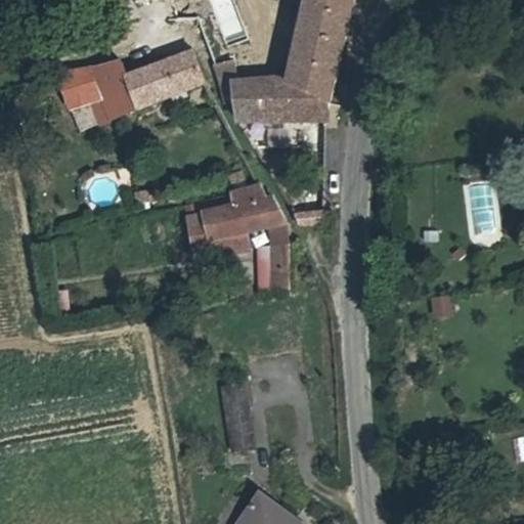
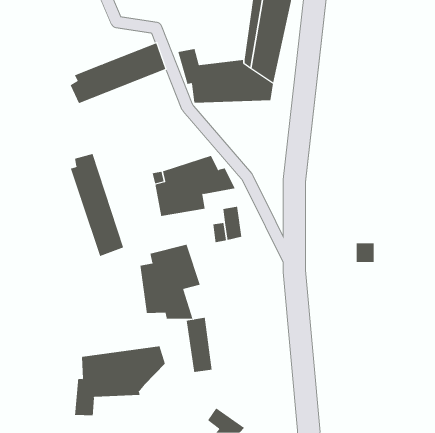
building: [56,61,123,106] -> none
building: none -> [70,153,124,257]
building: none -> [140,244,201,320]
building: none -> [75,345,166,416]

